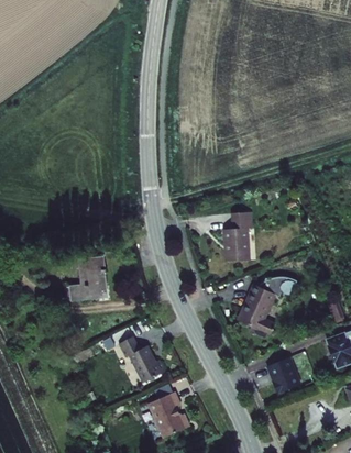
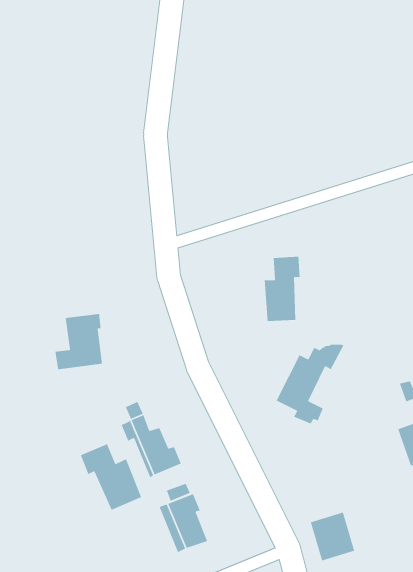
building: none -> [80,443,142,511]
building: [265,356,299,394] -> [310,512,355,561]

